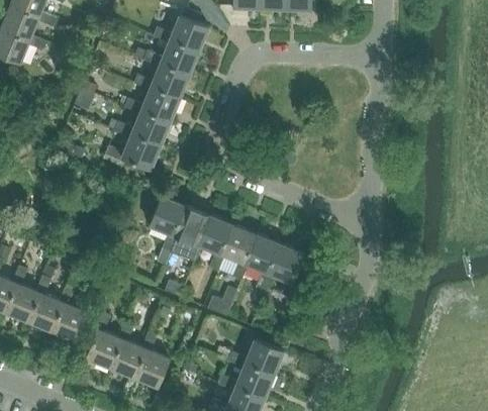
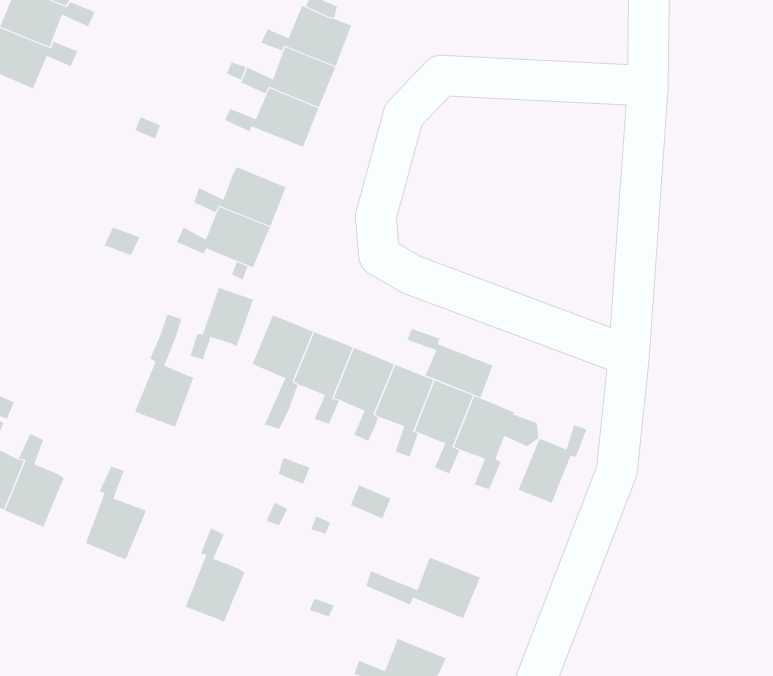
building: [123,87,179,122] -> none
building: none -> [190,287,254,360]
building: none -> [407,328,493,398]
building: none -> [518,424,587,504]
building: [26,265,62,331] -> [134,314,194,427]
building: [85,313,121,369] -> none
building: [132,332,169,388] -> none
building: [217,364,273,399] -> none

